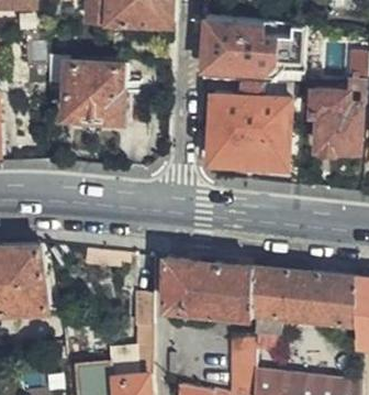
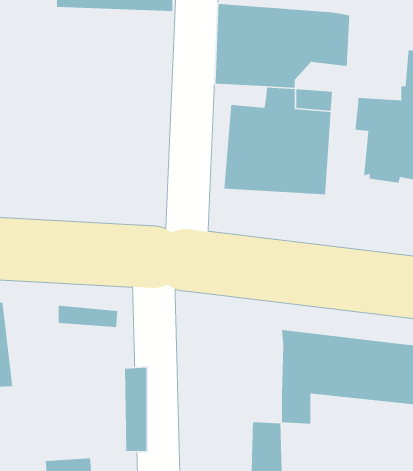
building: [67,62,146,132] -> none
building: [166,257,254,327] -> none

